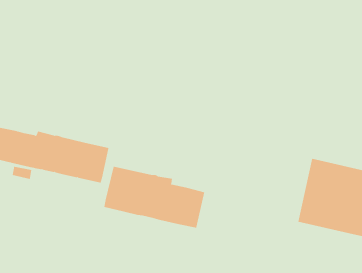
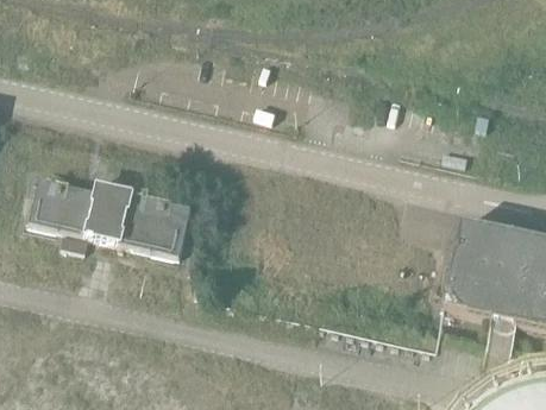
building: [104,166,205,228] -> none

